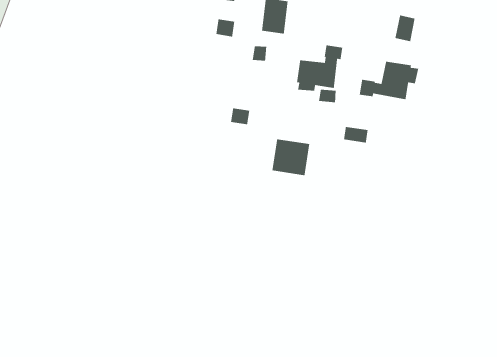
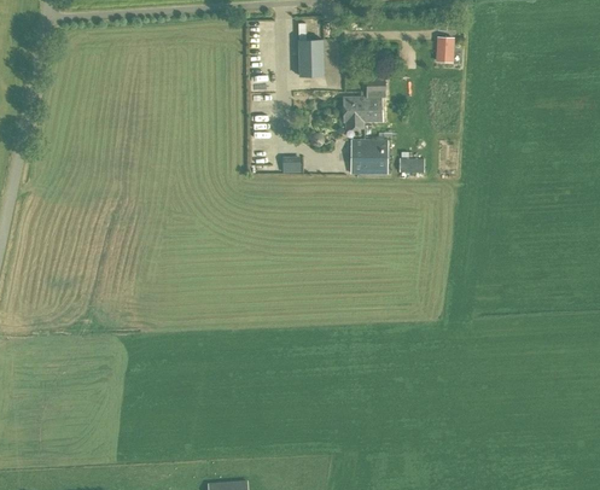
building: [359,61,419,100] -> none
building: [272,138,310,176] -> [351,140,386,174]

